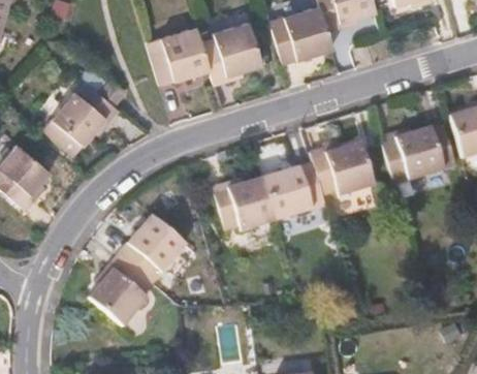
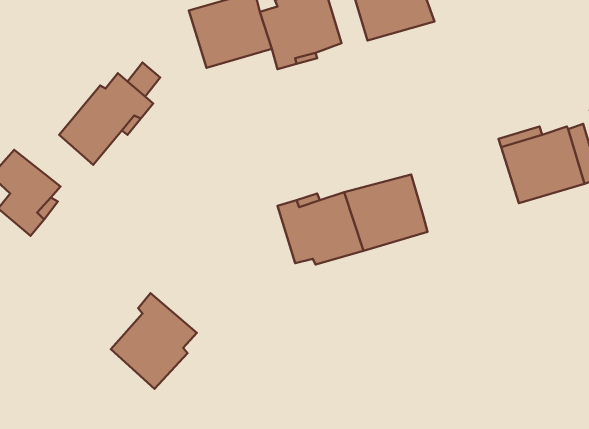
building: [311,144,376,196] -> none
building: [118,215,187,283] -> none

